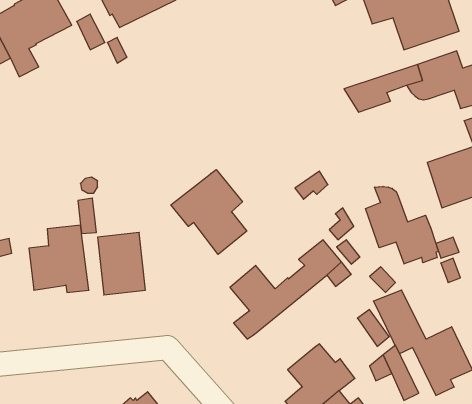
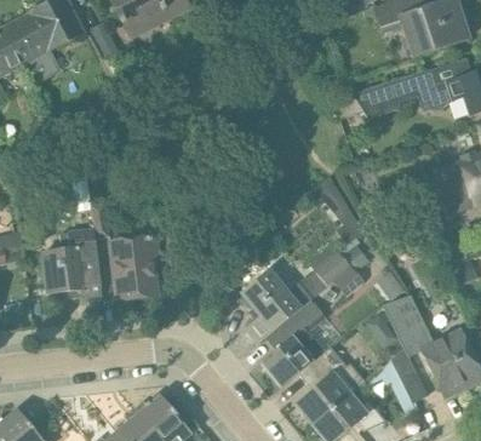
building: [171,170,247,254] -> none
building: [365,186,439,264] -> none
building: none -> [260,299,325,386]

